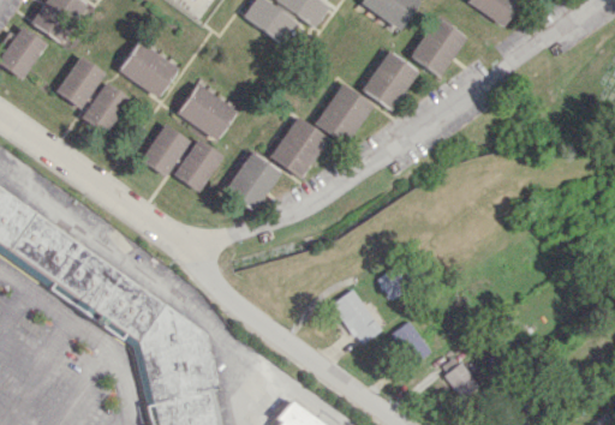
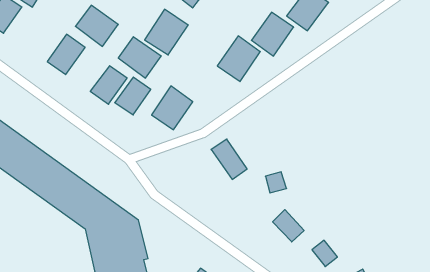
building: [56,55,106,108] -> none
building: [269,116,329,179] -> [145,9,188,55]
building: [333,289,382,345] -> [211,139,247,179]

